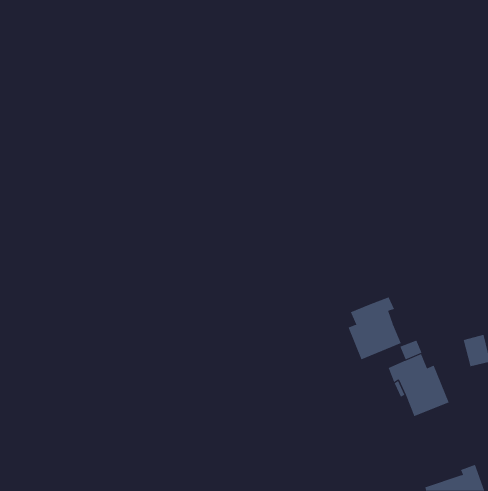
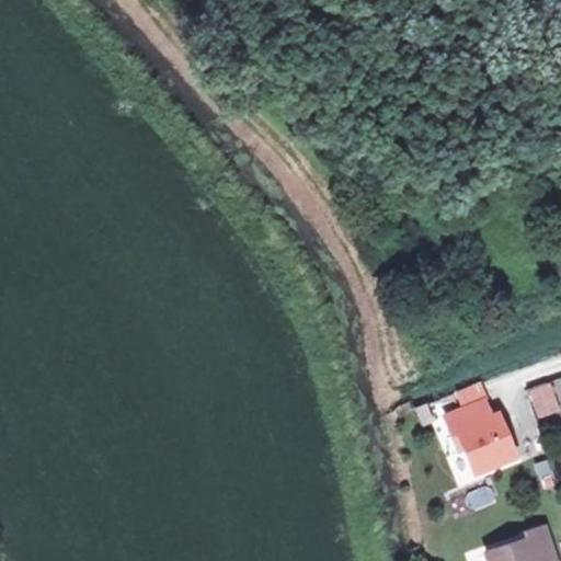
building: [348,296,402,360] -> none

